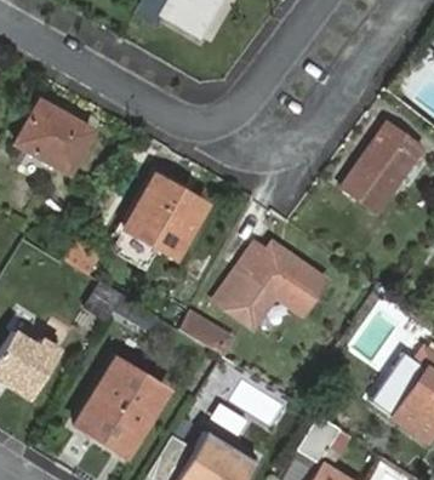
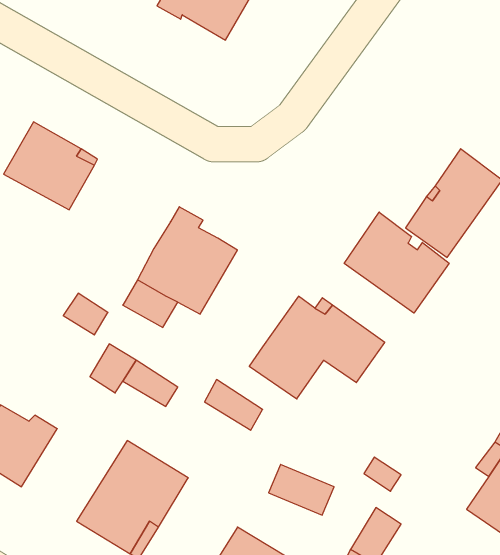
building: none -> [344,212,449,313]

